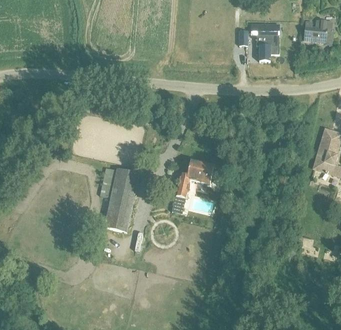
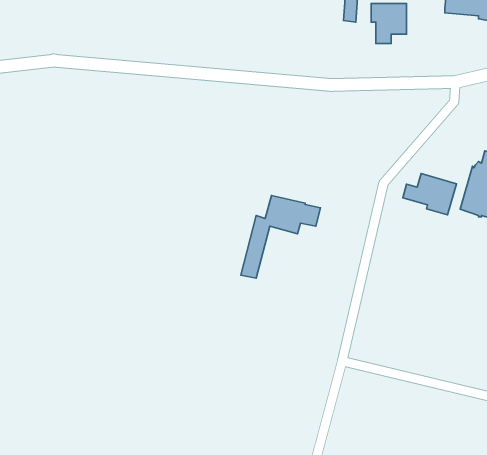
building: none -> [403,174,457,215]
building: [103,168,139,232] -> none

